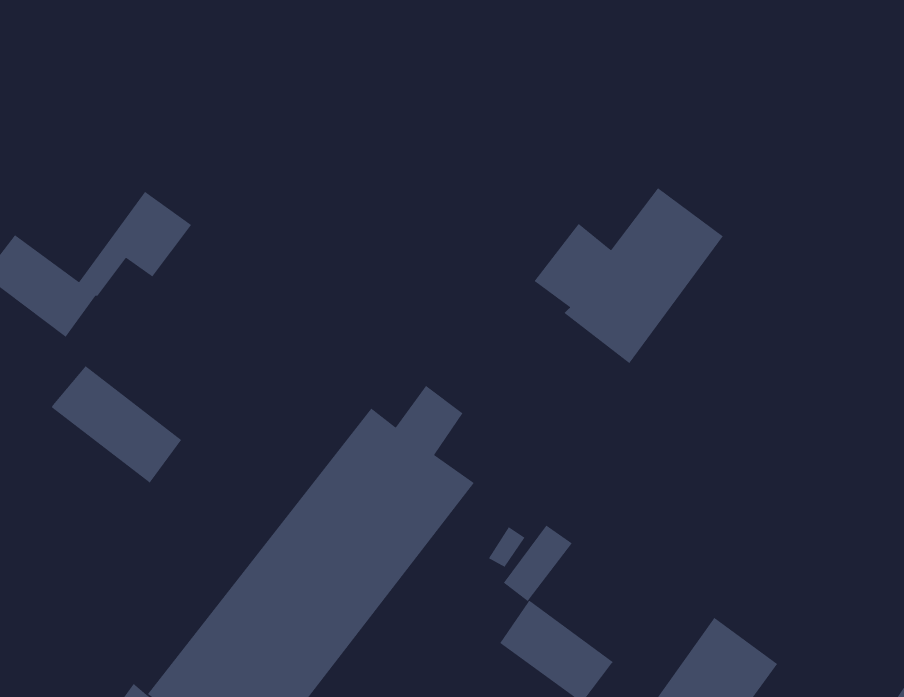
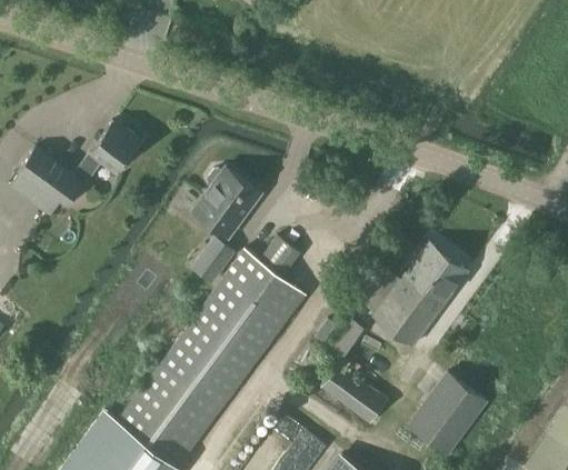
building: [533,187,724,364] -> [355,243,467,348]
building: none -> [191,170,260,283]
building: [51,365,182,484] -> none

